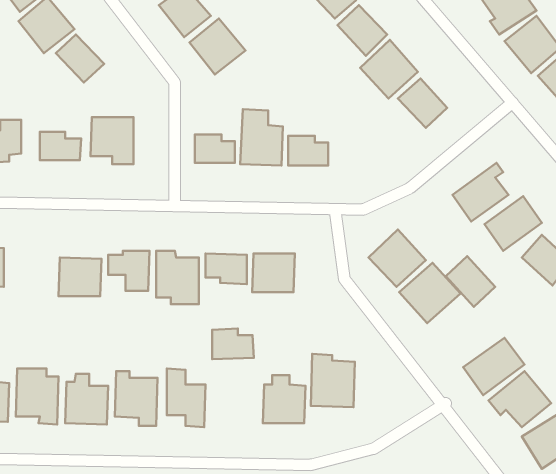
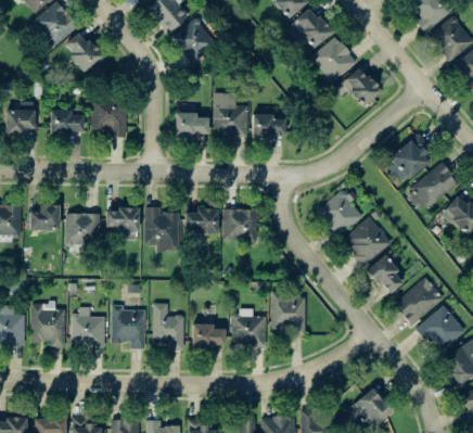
building: none -> [29,204,60,230]
building: [446,256,495,307] -> [367,254,407,295]
building: [212,328,254,359] -> [192,323,226,348]

